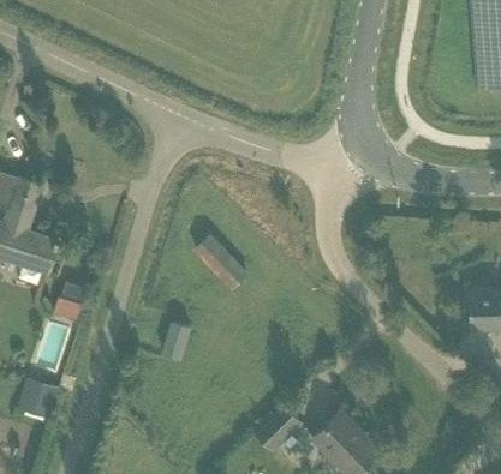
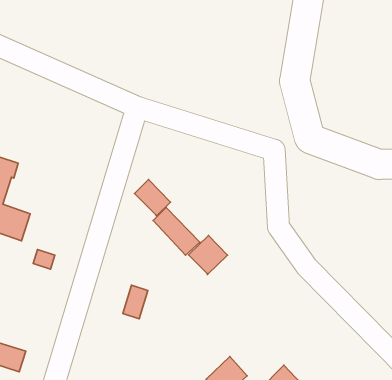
building: none -> [134,179,171,216]
building: none -> [189,235,228,275]

